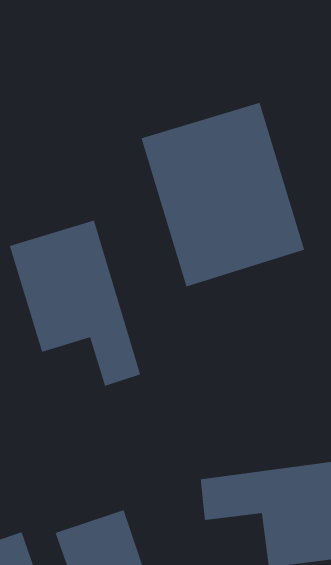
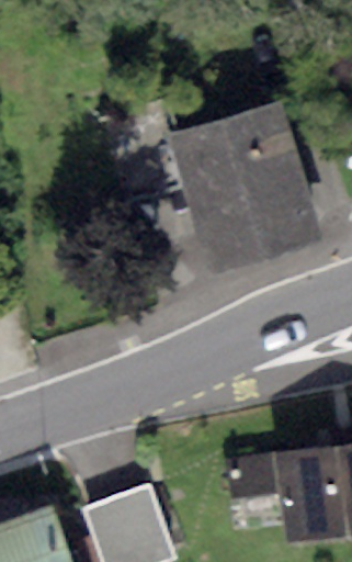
building: [9,219,141,387] -> none

